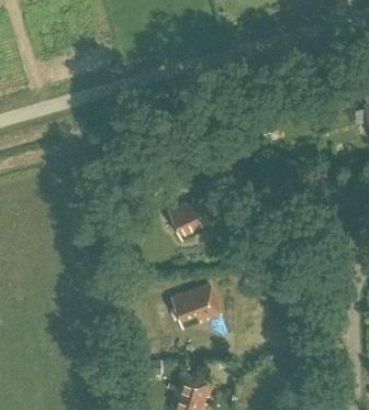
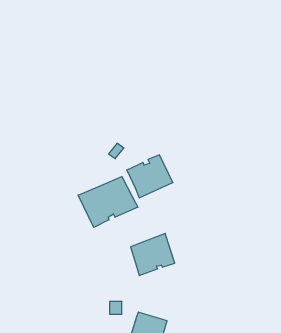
building: none -> [78,177,138,227]

